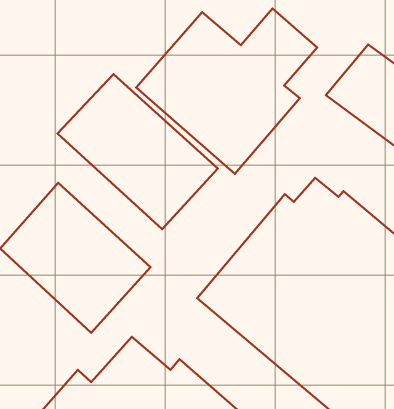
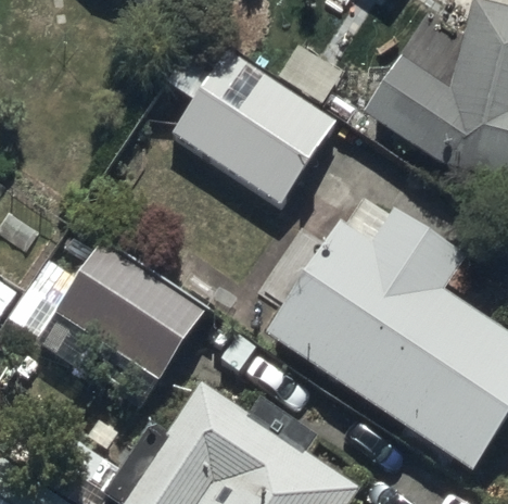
building: [57,74,218,229] -> none

